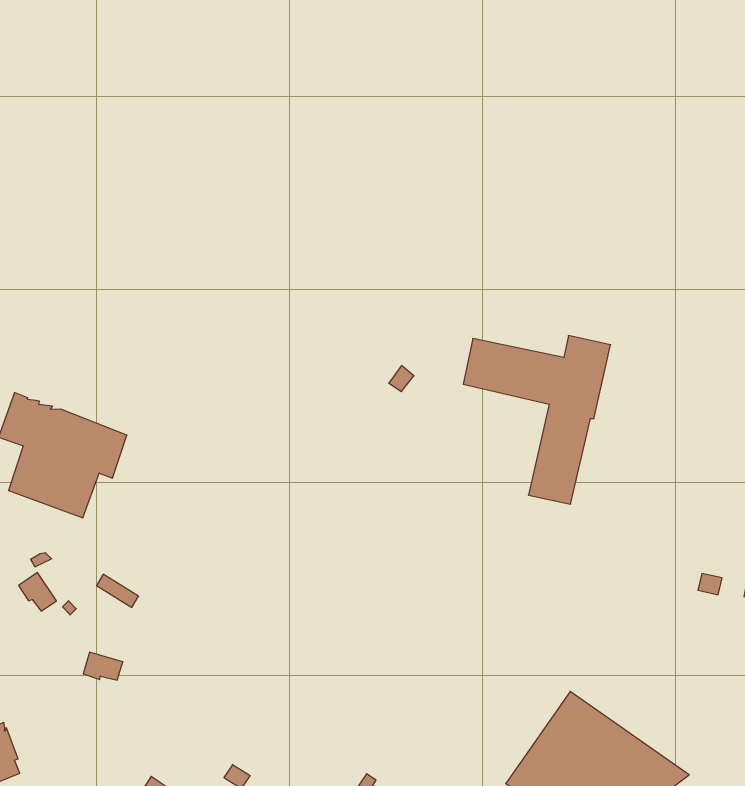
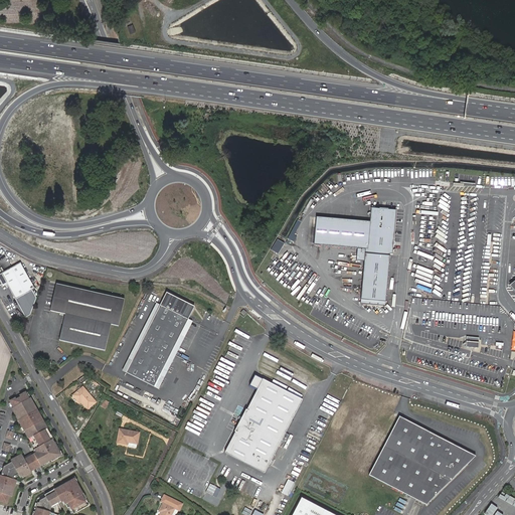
building: none -> [125,295,192,386]
building: none -> [224,378,302,472]

